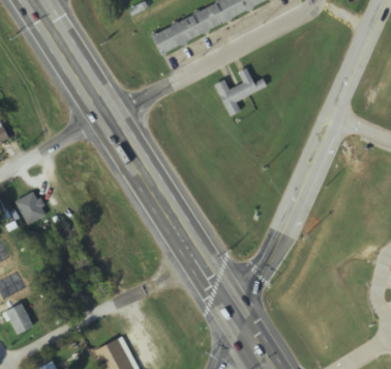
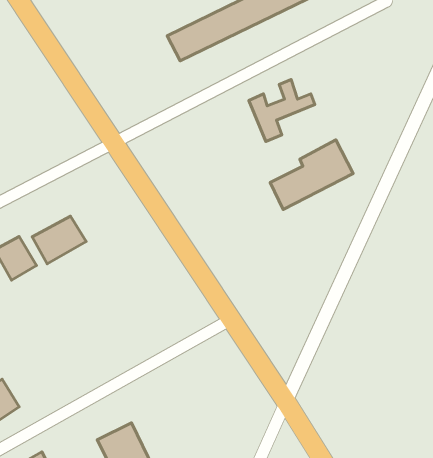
building: none -> [270,140,353,209]
building: none -> [32,216,86,264]

